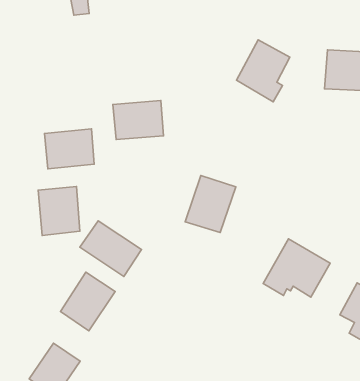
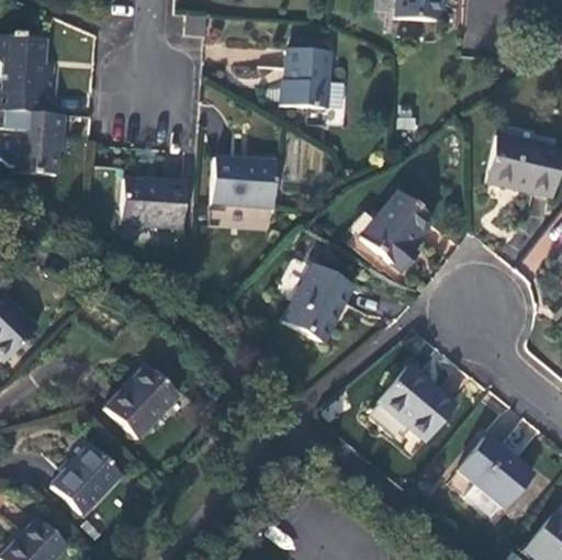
building: none -> [285,48,330,107]
building: [236,40,290,102] -> [362,190,435,271]
building: [38,186,80,236] -> none
building: [80,221,141,276] -> none

